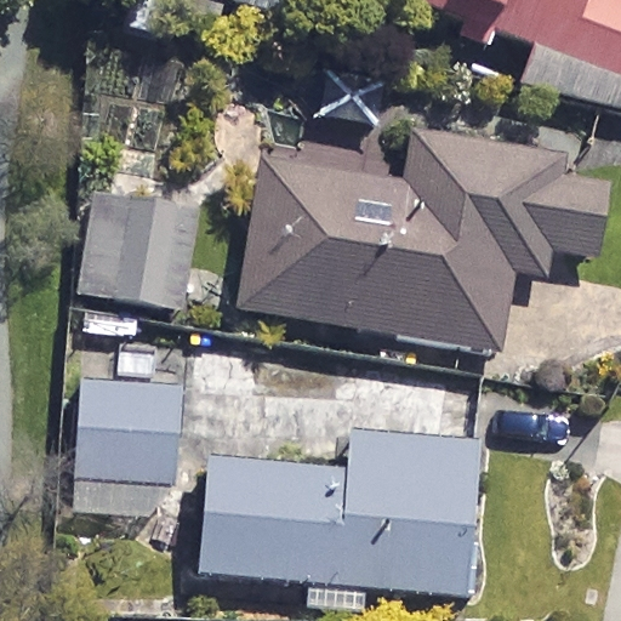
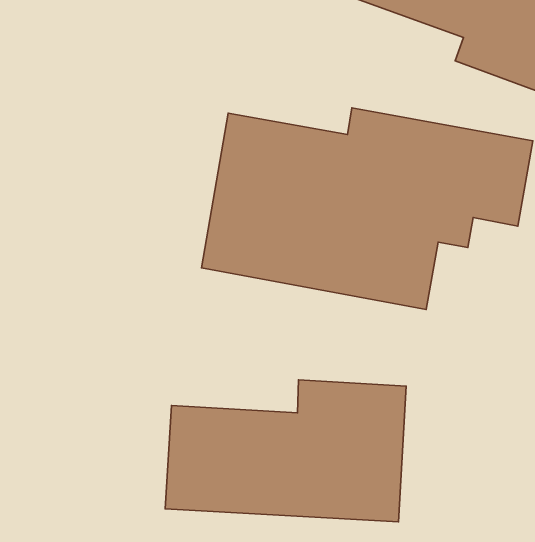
building: [76,188,198,338] -> none
building: [75,381,178,517] -> none

